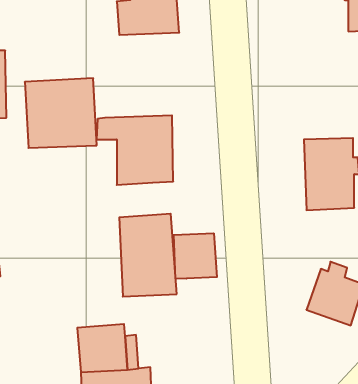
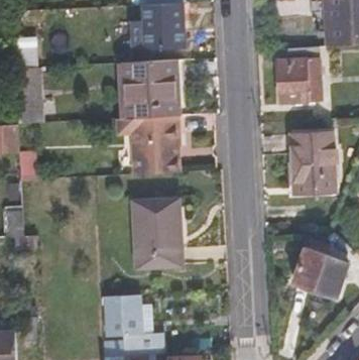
building: none -> [277,48,319,99]
building: [25,78,97,148] -> [121,62,182,120]
building: [174,233,217,279] -> none

